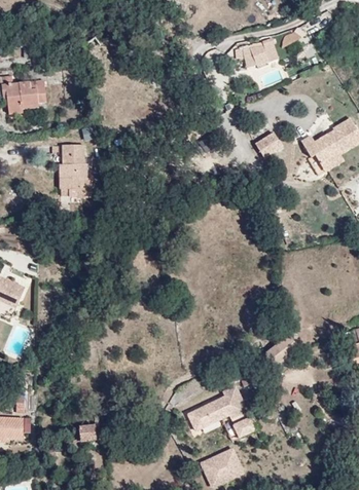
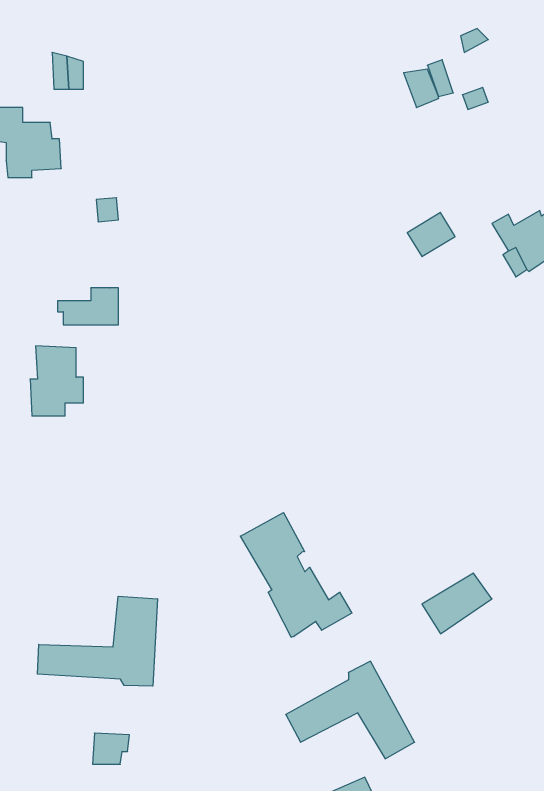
building: [57,143,86,182] -> [30,346,83,416]
building: none -> [240,513,352,637]
building: none -> [38,596,157,686]

